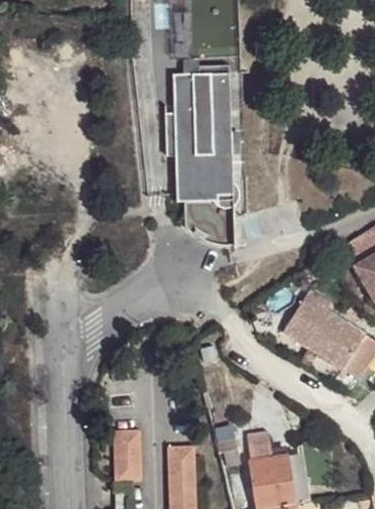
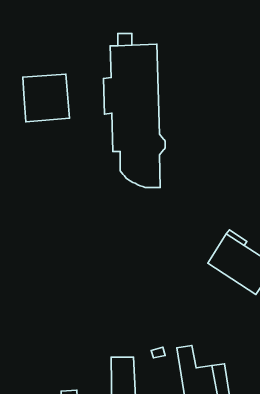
building: none -> [23,74,70,122]
building: [110,425,141,481] -> none

